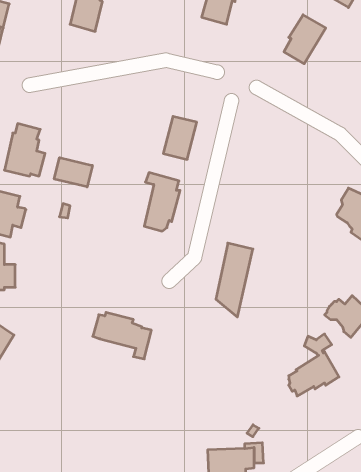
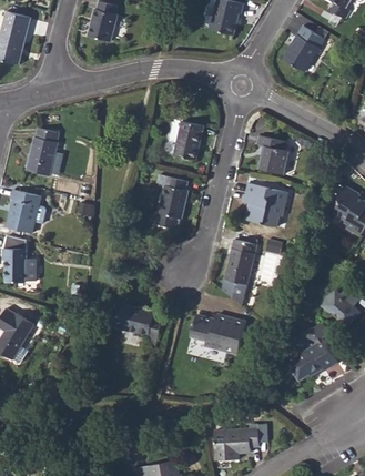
building: none -> [256,135,290,175]
building: [54,158,92,187] -> none
building: none -> [243,182,287,227]
building: none -> [190,314,246,354]

